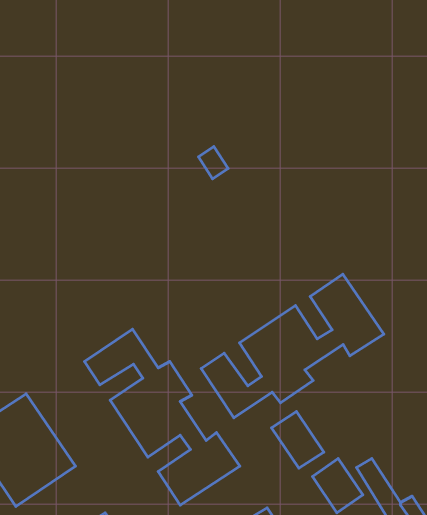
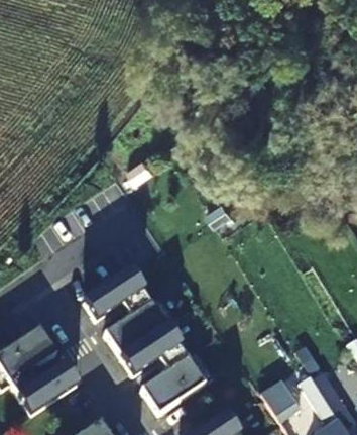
building: [201,274,384,418] -> none
building: [271,411,324,468] -> none

